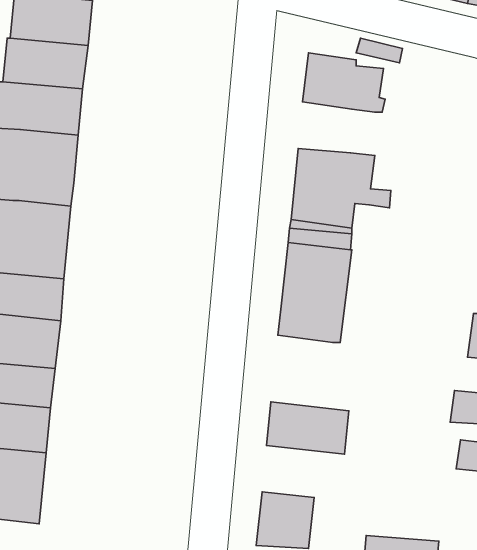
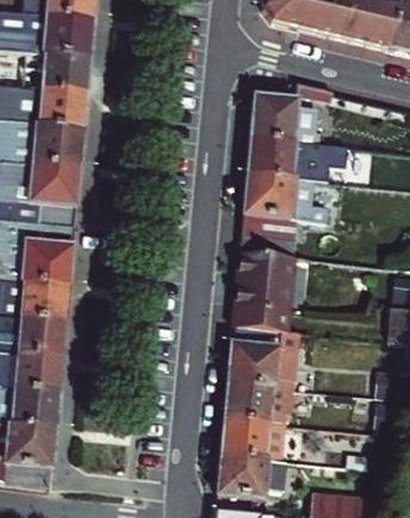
building: none -> [255,133,354,181]
building: none -> [232,325,305,387]
building: none -> [225,416,293,460]

